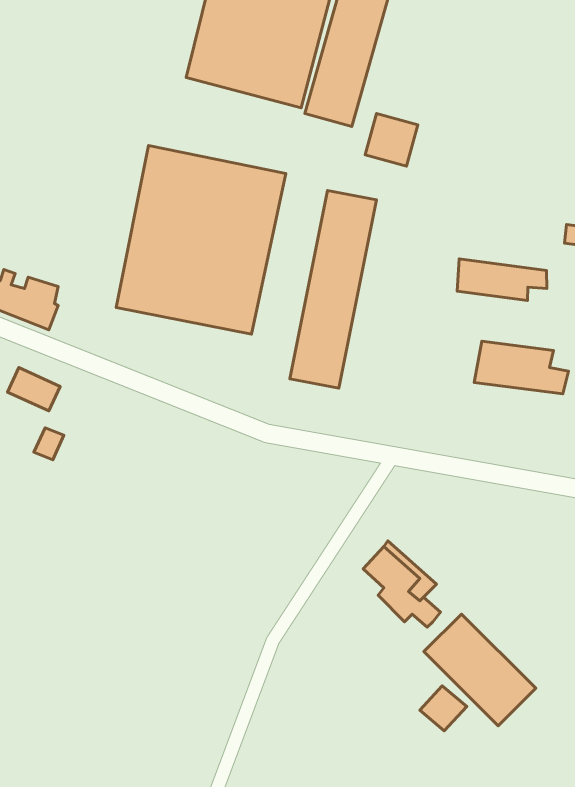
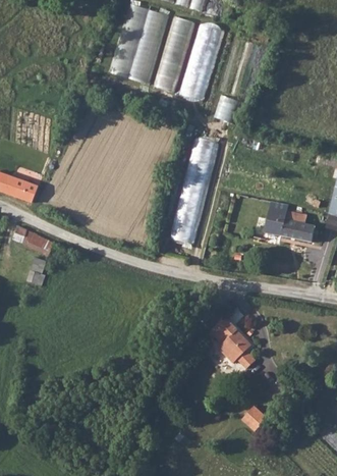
building: [116,146,286,334] -> none
building: [457,259,547,301] -> none
building: [424,614,536,726] -> none

